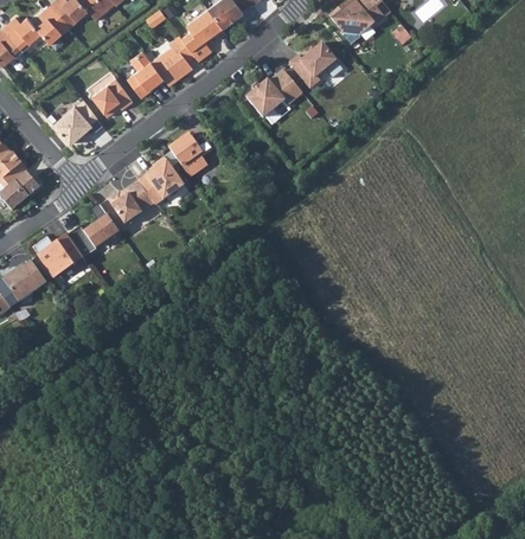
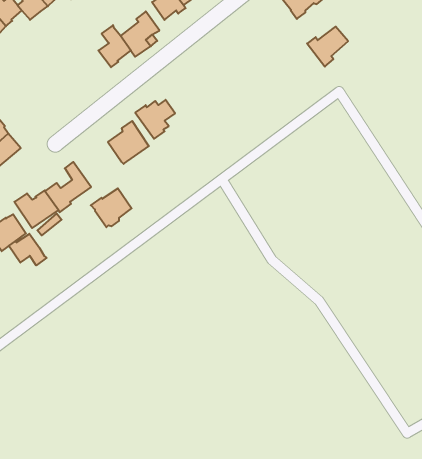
building: [290,41,337,86] -> [307,27,348,67]
building: [247,70,303,116] -> none
building: [92,78,133,116] -> none
building: [52,100,97,143] -> none
building: [107,180,153,224] -> [91,188,132,227]
building: none -> [9,234,47,265]

